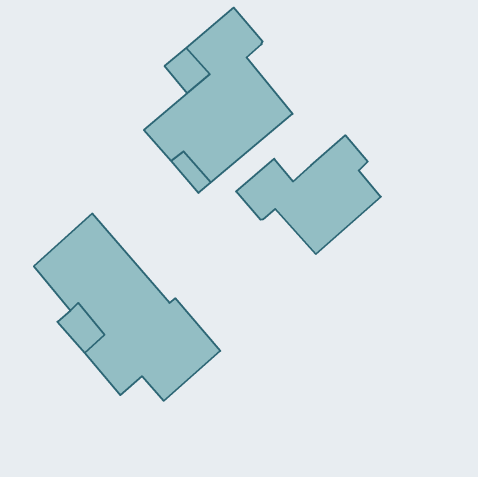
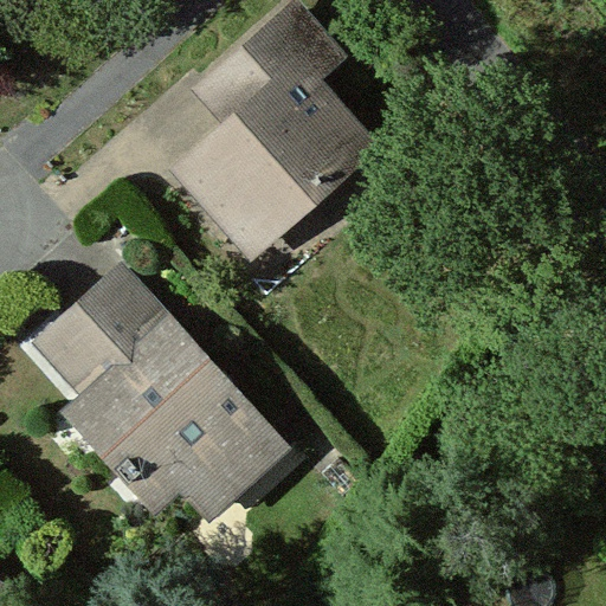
building: [236,135,381,254] -> none

